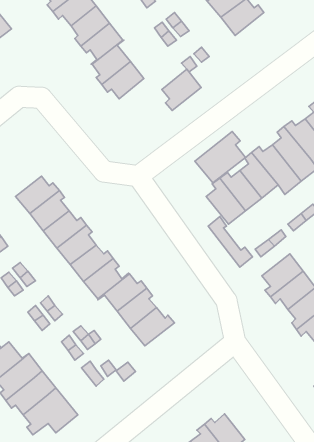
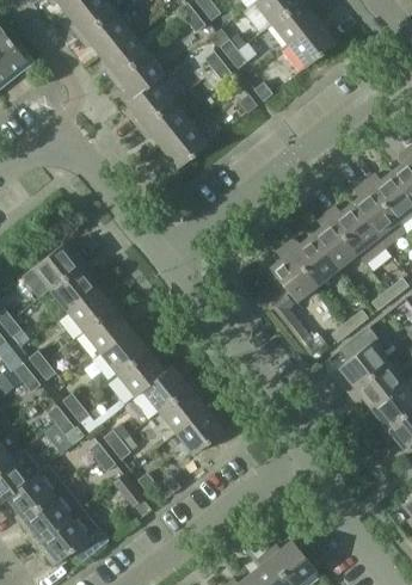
building: [162,69,201,110] -> [160,122,209,173]
building: [195,131,245,183] -> none

